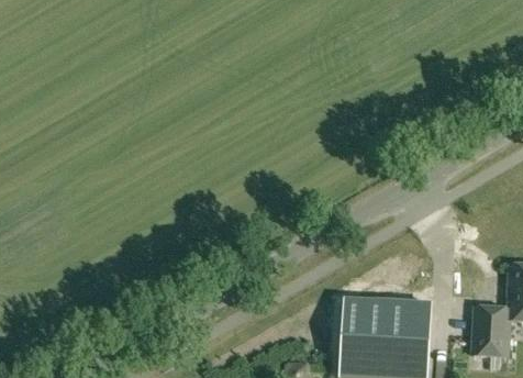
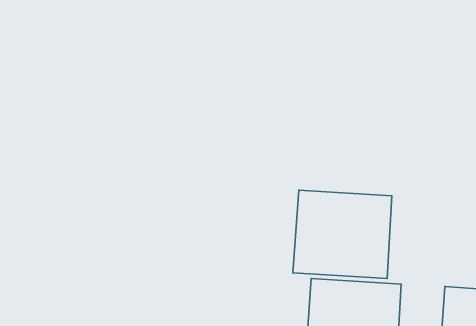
building: none -> [293,190,392,279]

